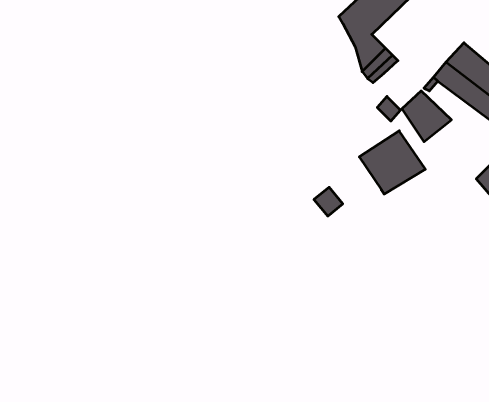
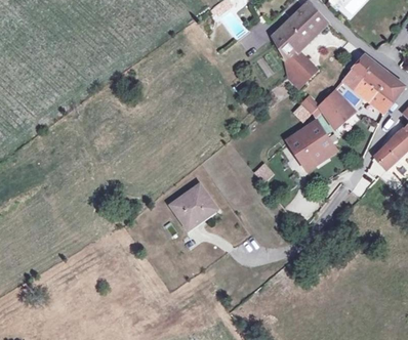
building: none -> [171,184,217,225]

